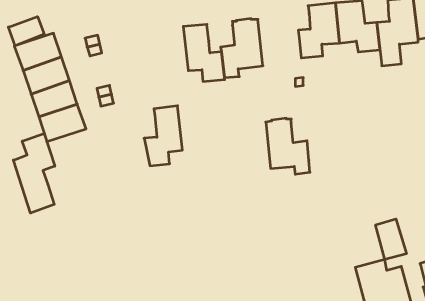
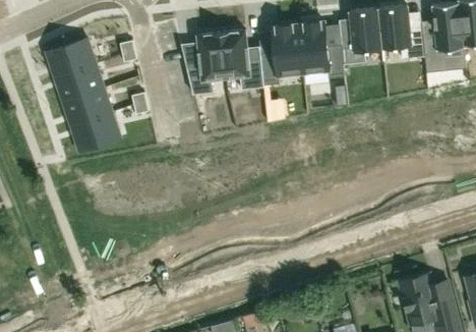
building: [8,17,44,46] -> none
building: [144,106,182,166] -> [186,32,226,94]
building: [266,118,310,174] -> [298,20,344,78]
building: [13,133,55,213] -> none
building: [376,219,406,260] -> none

